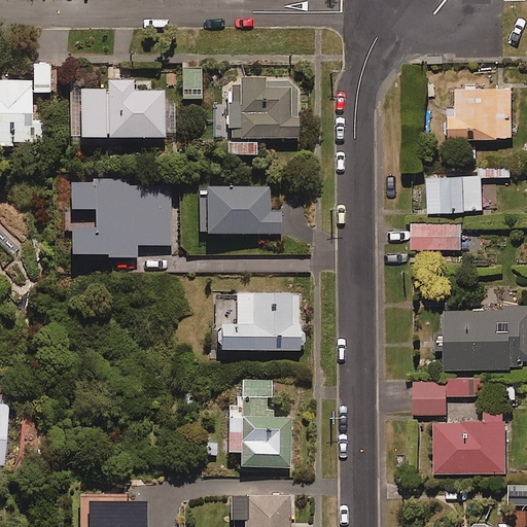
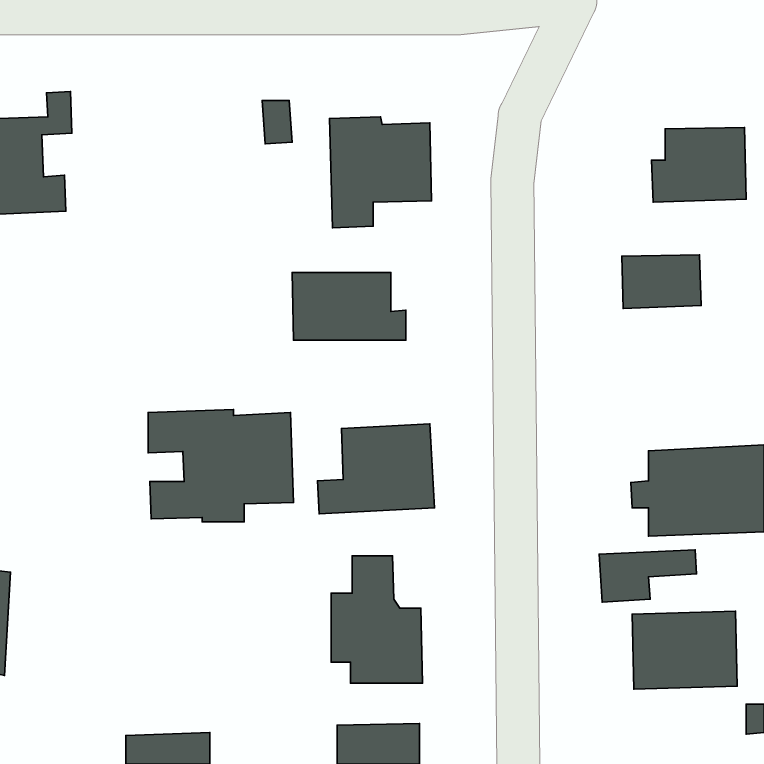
building: [68,81,163,139] -> none
building: [70,181,170,258] -> [148,410,294,522]
building: [412,223,461,248] -> none

